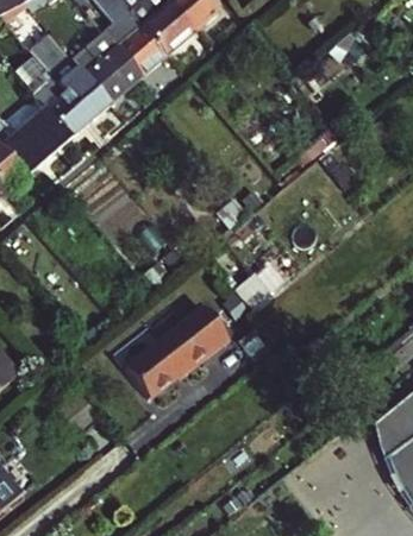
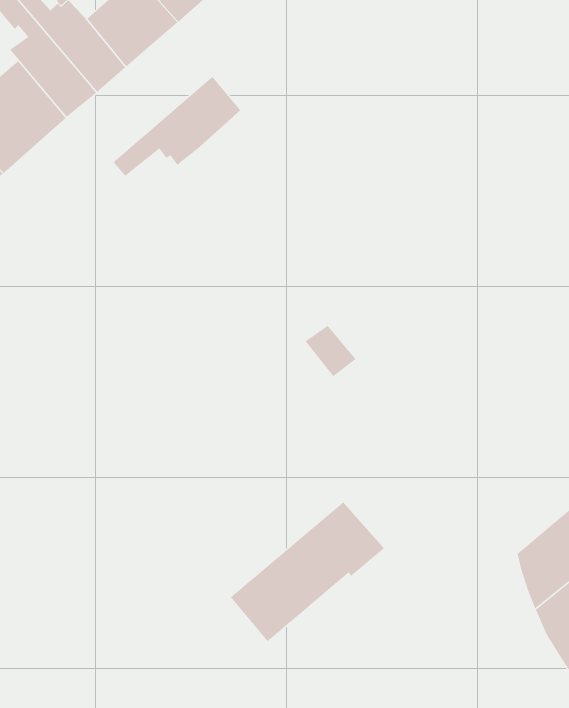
building: none -> [113,76,241,177]
building: [123,301,225,393] -> [230,502,385,642]

